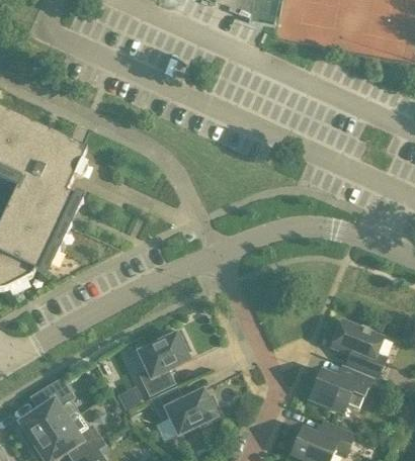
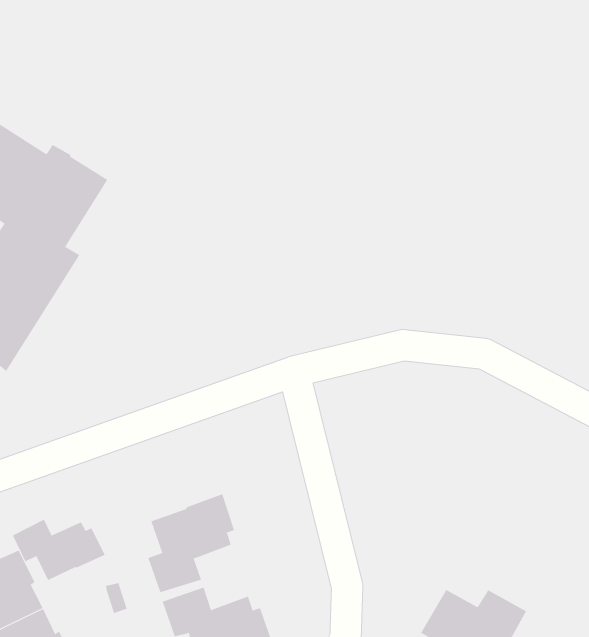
building: [330,320,386,379] -> none
building: none -> [12,519,105,581]

